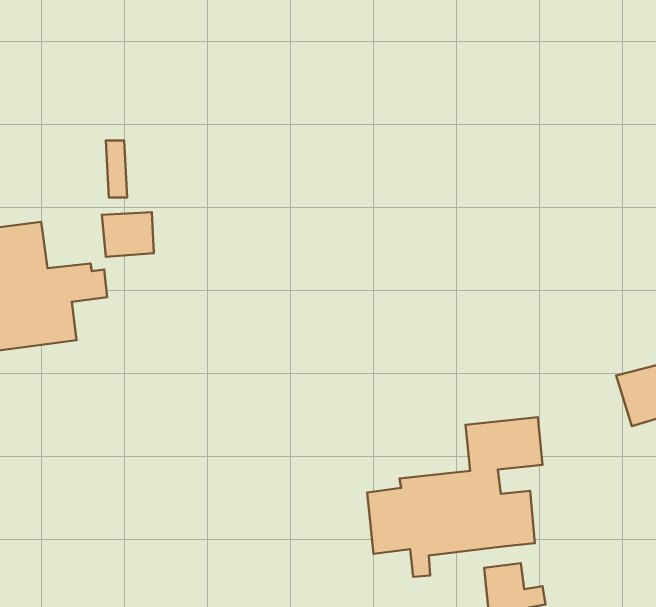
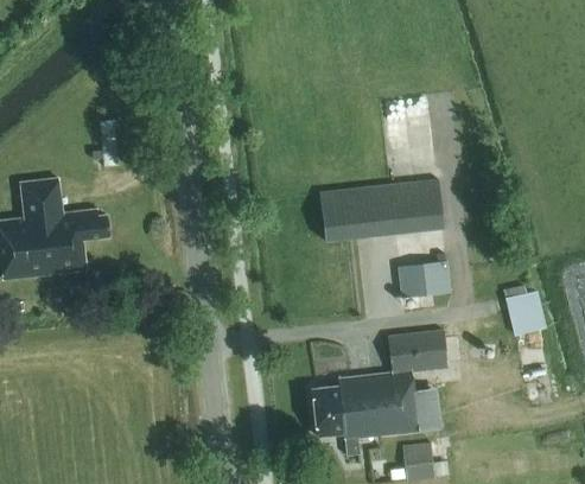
building: [102,212,154,257] -> none
building: none -> [319,179,444,241]
building: none -> [399,259,449,297]

